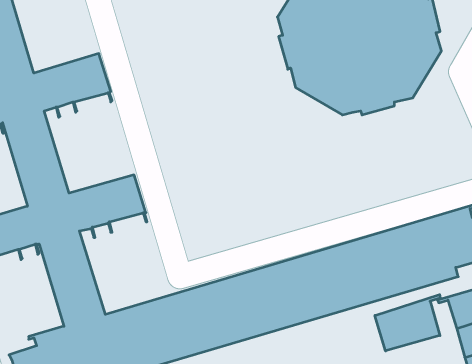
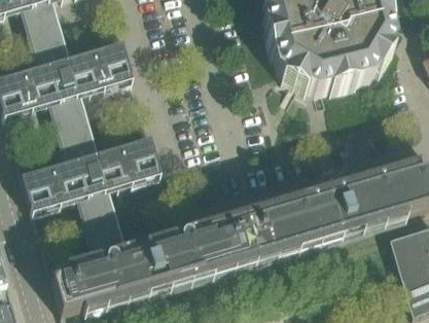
building: [375,295,440,351] -> none

